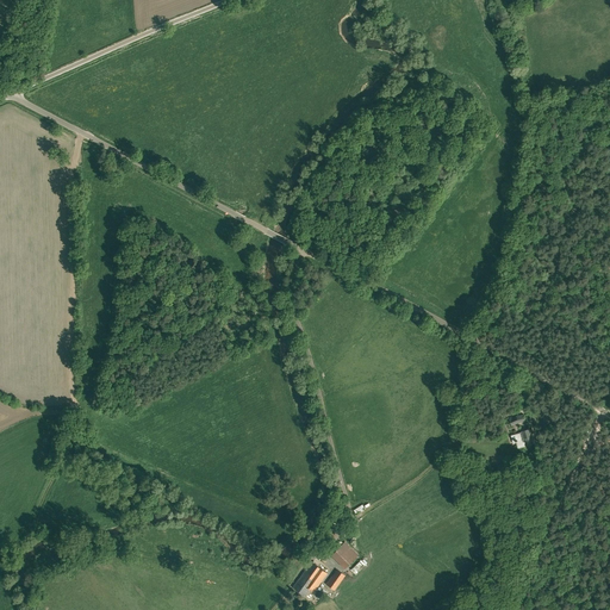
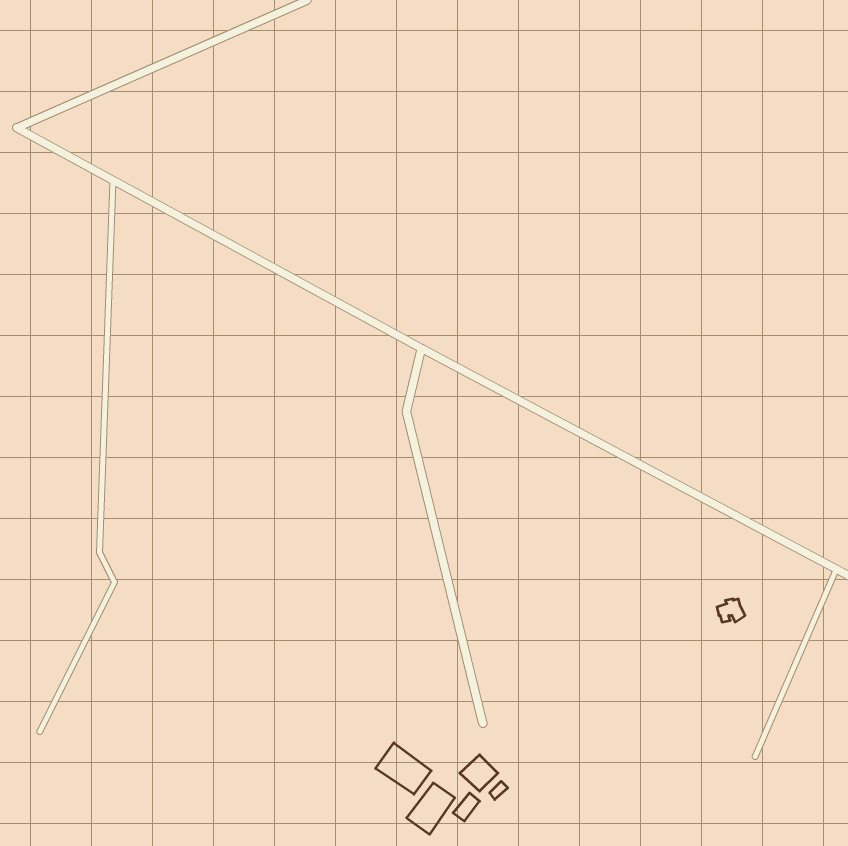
building: none -> [376,743,431,794]

